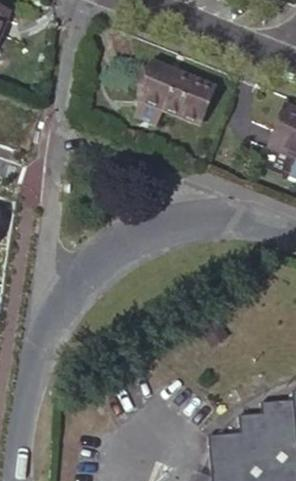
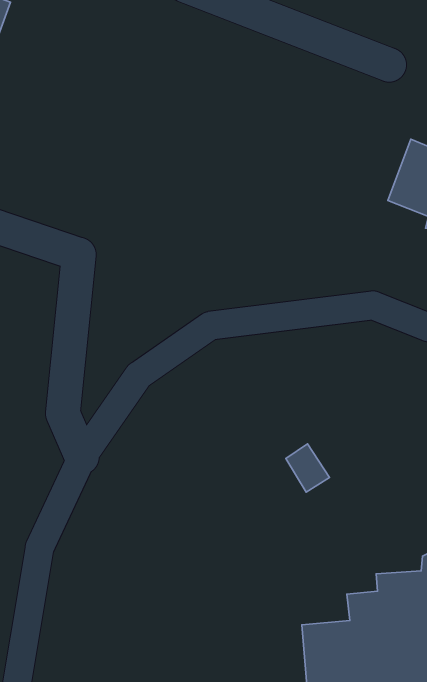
building: [132,60,214,123] -> none

